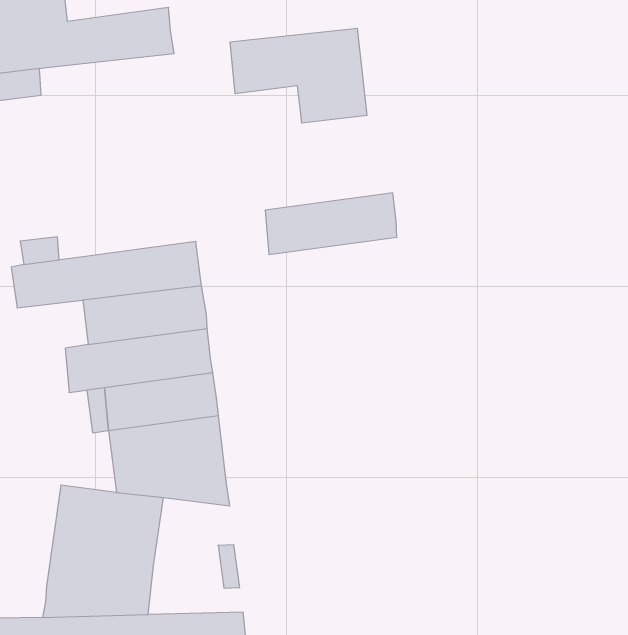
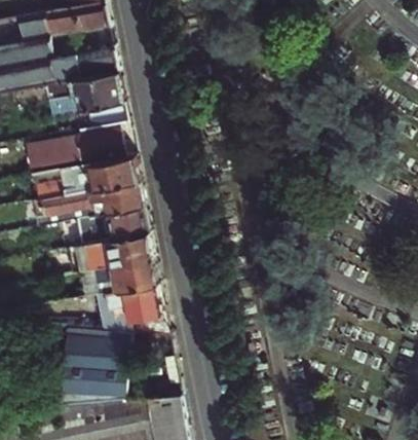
building: [230,28,367,123] -> [40,71,123,129]
building: none -> [24,129,120,171]
building: [265,193,397,254] -> [56,154,135,195]

